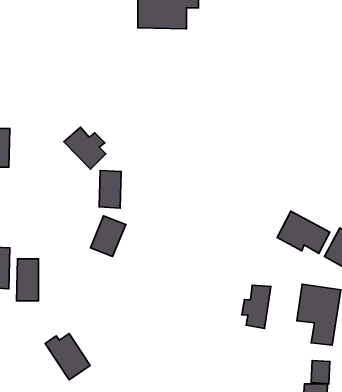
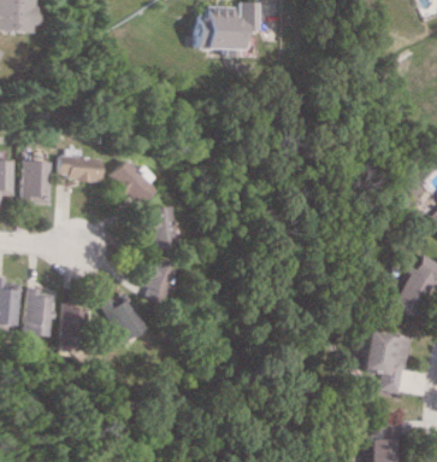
building: none -> [59,156,101,180]
building: [277,211,330,254] -> none
building: [242,285,271,329] -> none
building: [45,333,90,380] -> [94,291,143,341]

